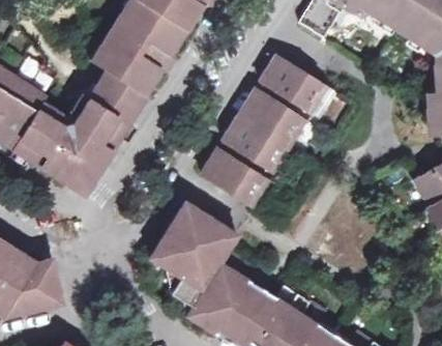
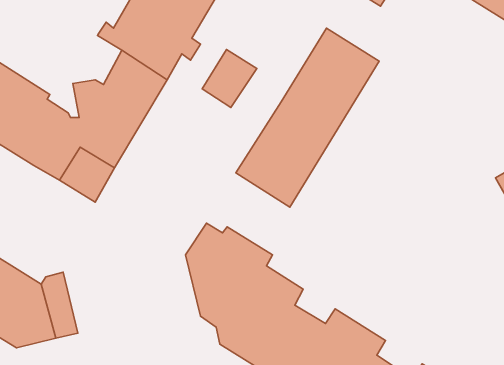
building: none -> [202,50,257,108]

